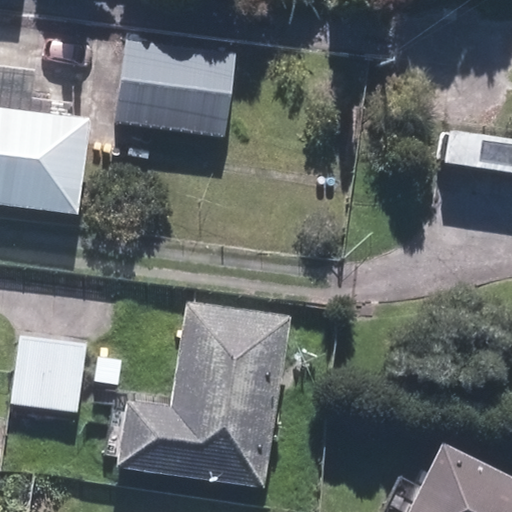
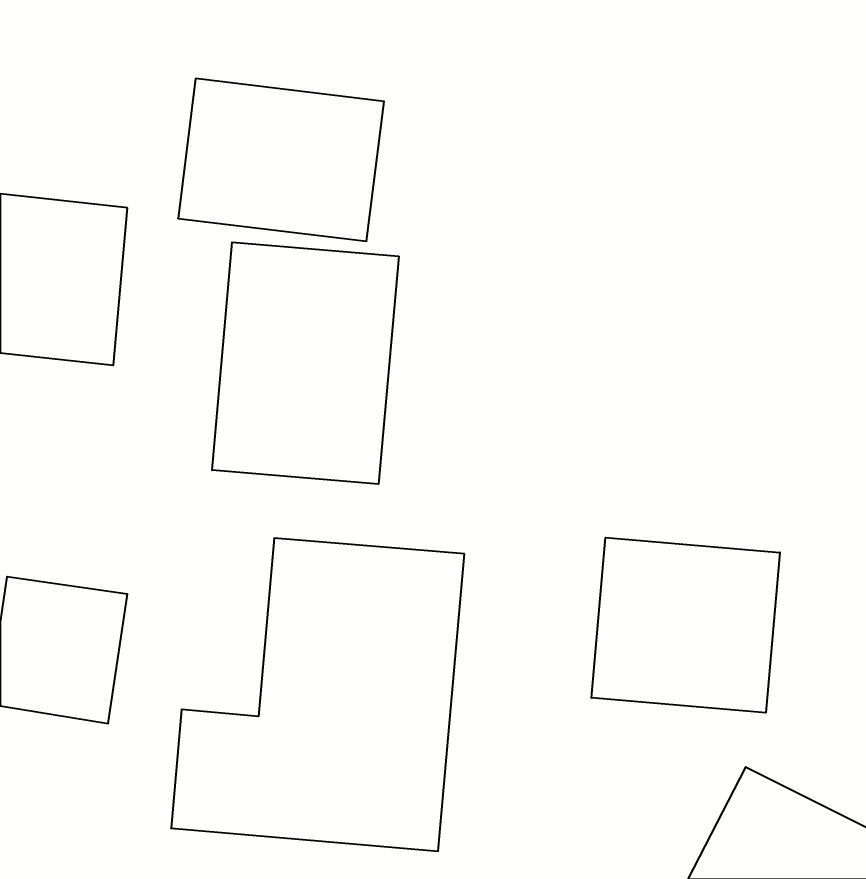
building: none -> [212,242,399,484]
building: none -> [591,538,780,713]

